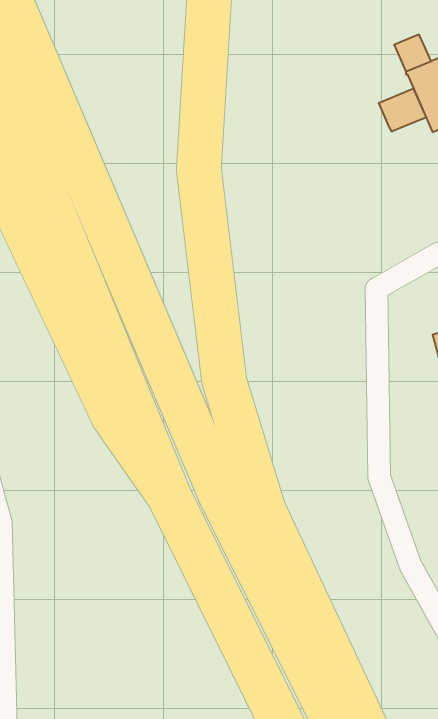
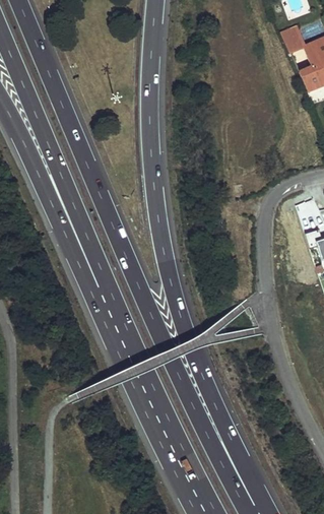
building: [379,89,426,132] -> none

